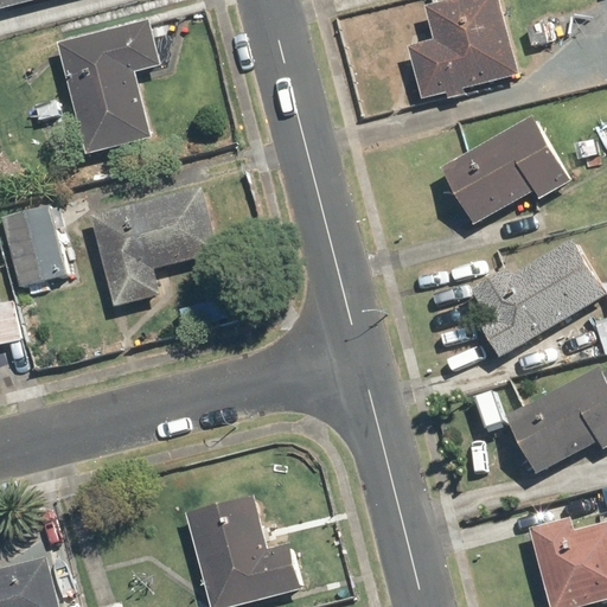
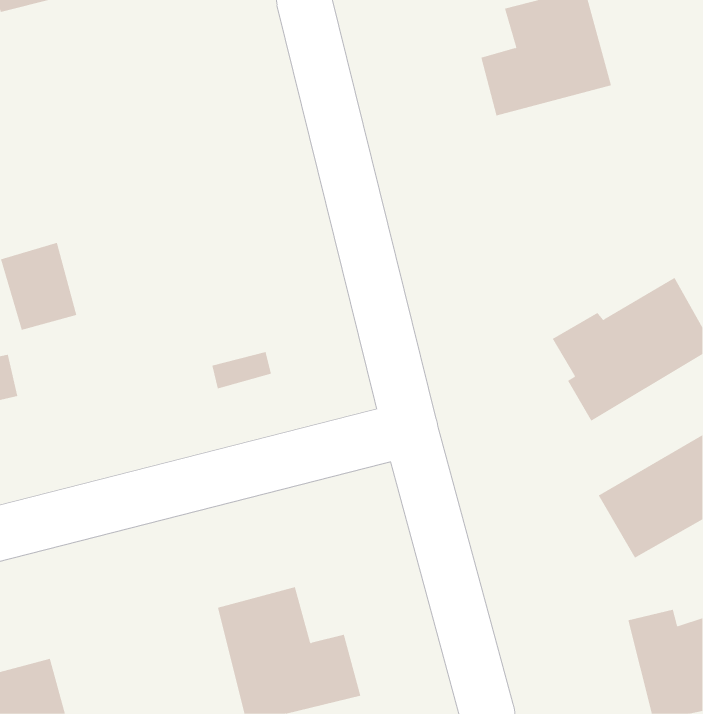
building: [56,20,161,151] -> none
building: [440,119,568,225] -> none
building: [91,189,215,307] -> none

